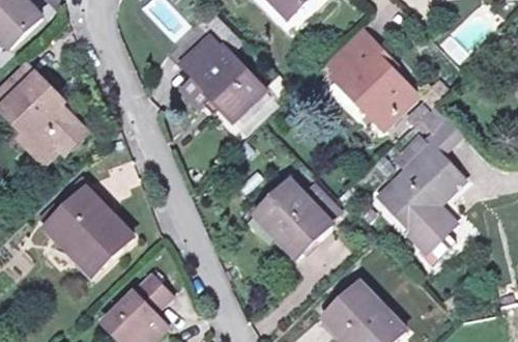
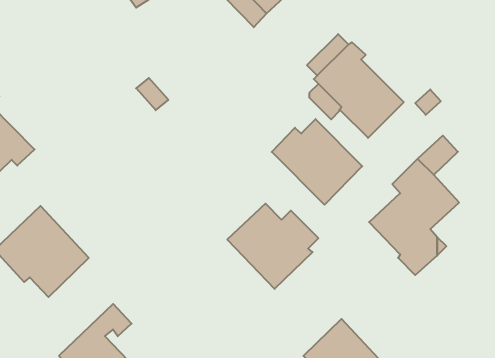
building: [182,36,267,123] -> none
building: none -> [272,119,362,205]

